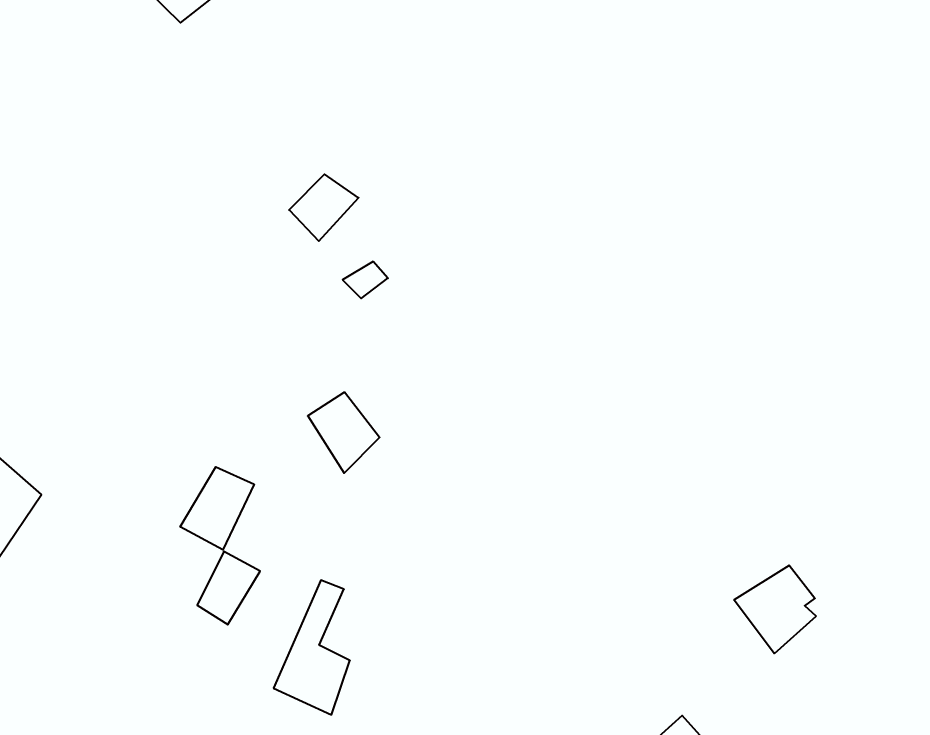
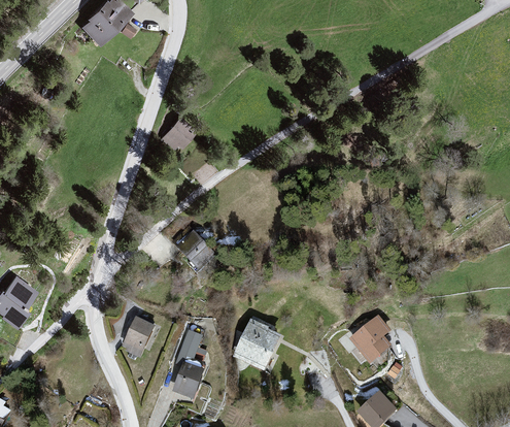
building: [180,467,254,550] -> none
building: none -> [234,319,284,373]
building: [734,565,816,653] -> [348,319,392,365]

